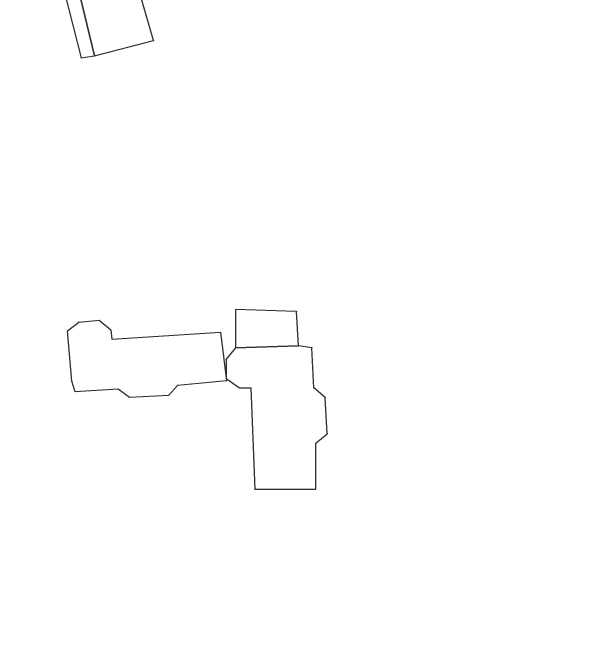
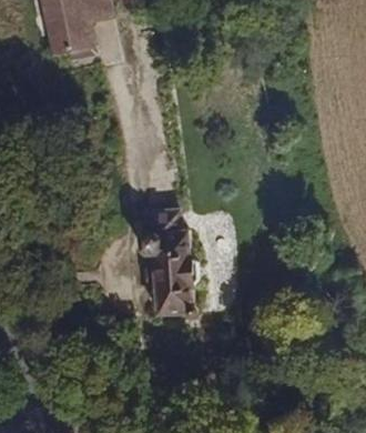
building: [68,320,226,397] -> none

